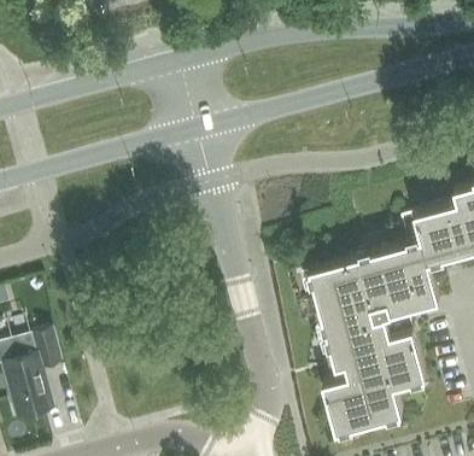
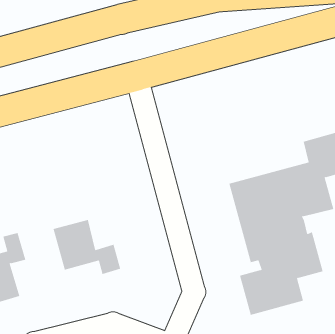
building: none -> [53,219,121,275]

